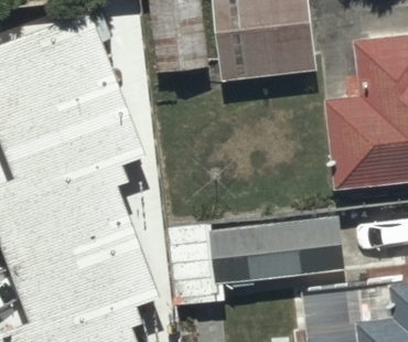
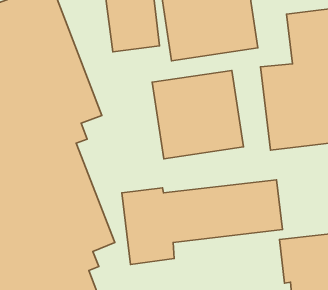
building: none -> [152,70,243,159]

